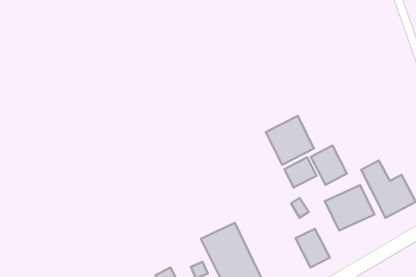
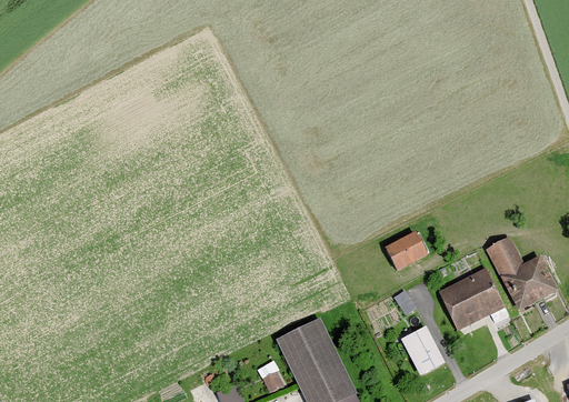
building: [266,116,314,165] -> none
building: [311,145,347,185] -> none

